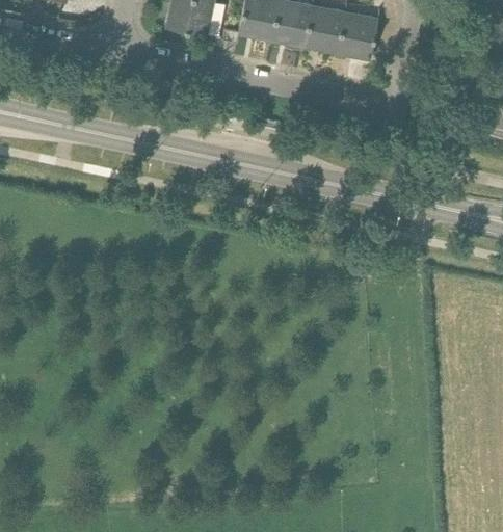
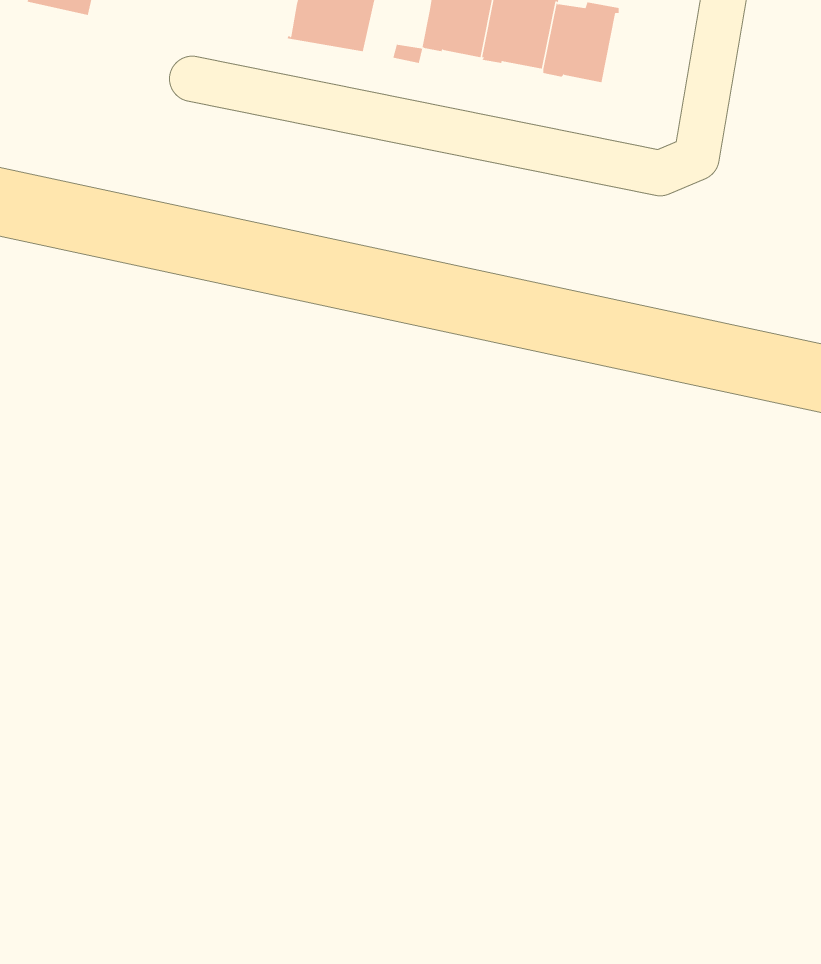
building: [338,12,380,57] -> none

